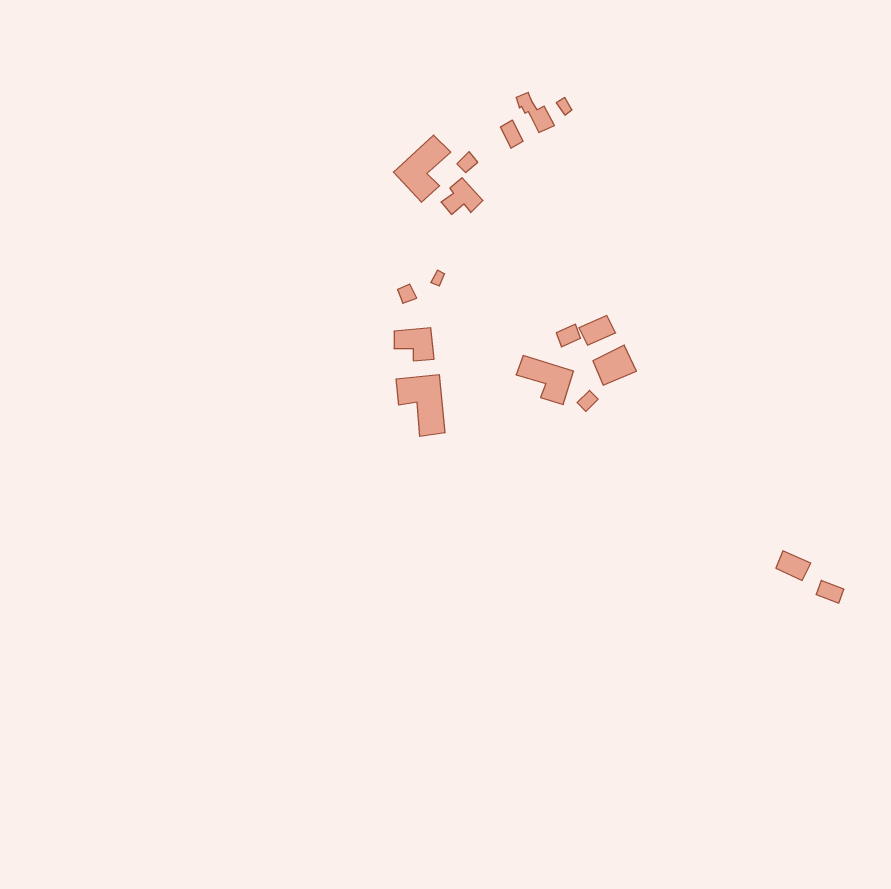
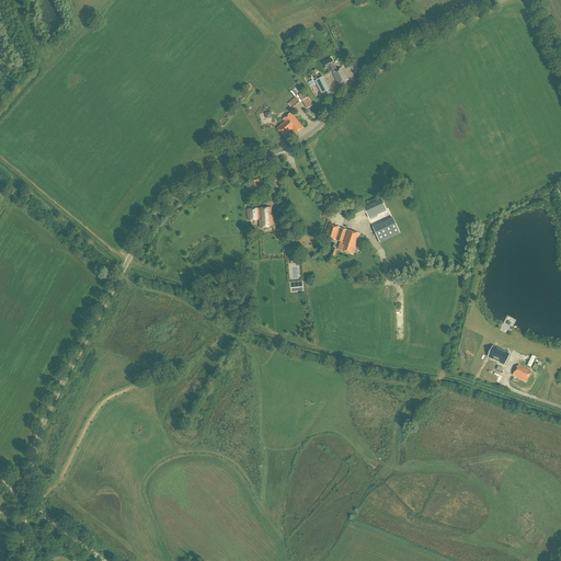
building: [393,135,451,202] -> none
building: [396,375,445,436] -> none

